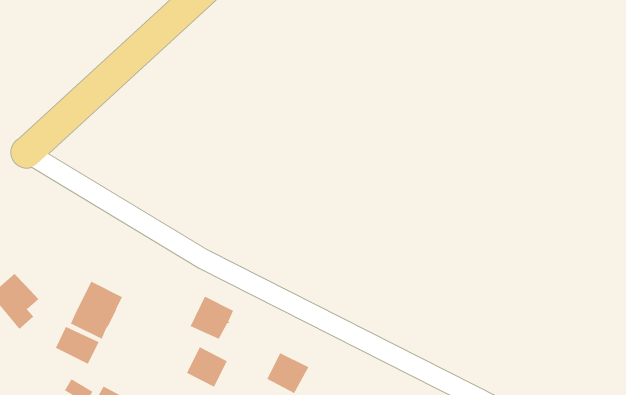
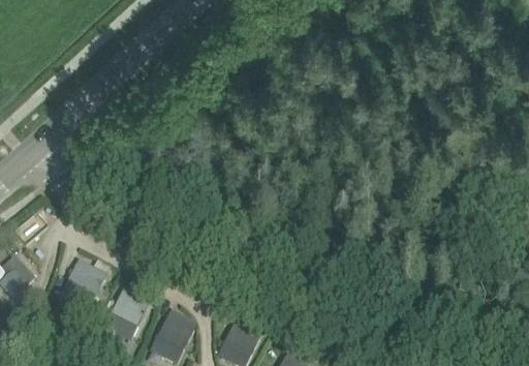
building: [190,296,234,340] -> [110,293,147,330]
building: [55,326,100,365] -> none

